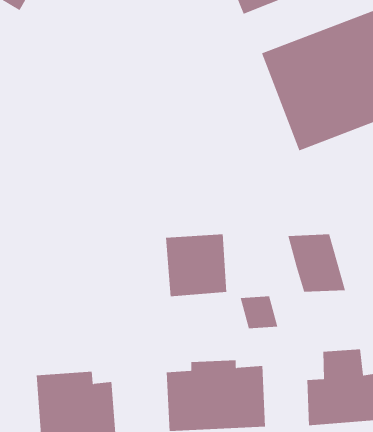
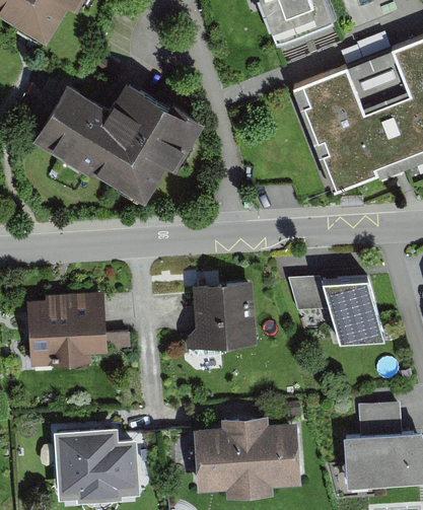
building: none -> [31,80,196,201]
building: none -> [28,292,133,368]
building: [240,296,278,329] -> [291,283,333,318]

